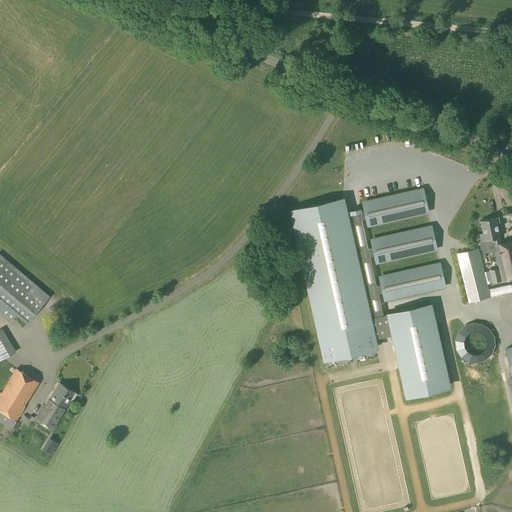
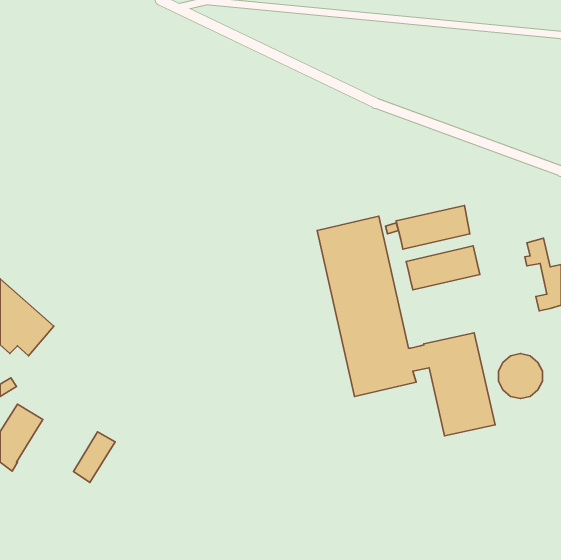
building: [456,249,490,303] -> none
building: [378,263,445,302] -> none
building: [37,384,75,430] -> [73,432,115,482]

